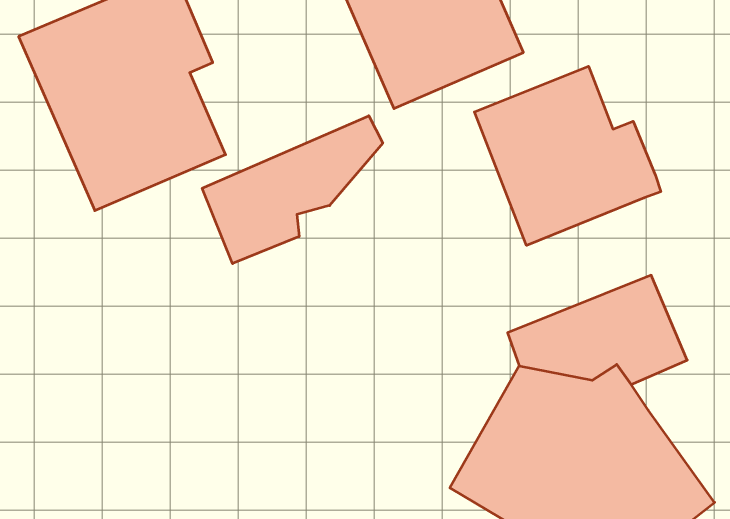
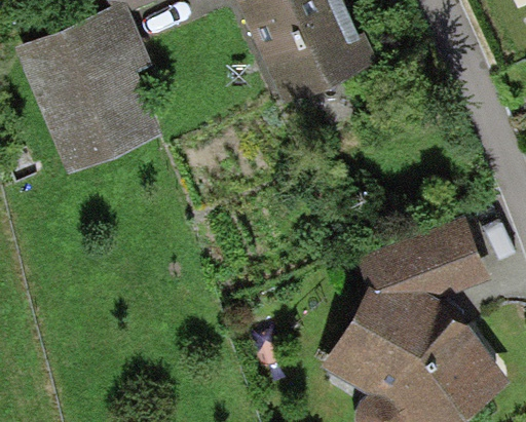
building: [474,66,661,245] -> none
building: [202,116,383,264] -> none

